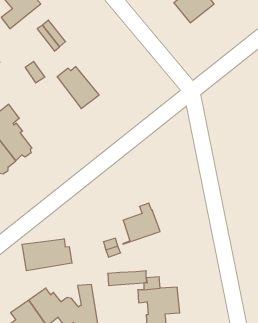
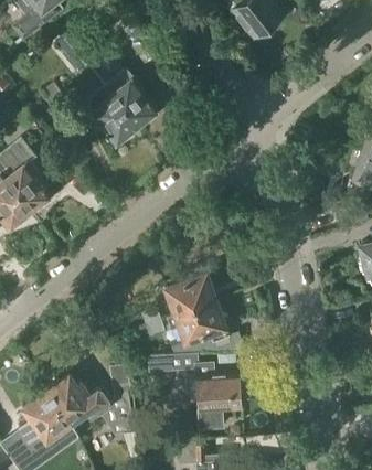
building: none -> [106,71,157,128]
building: none -> [167,303,225,355]
building: [22,239,72,271] -> none

